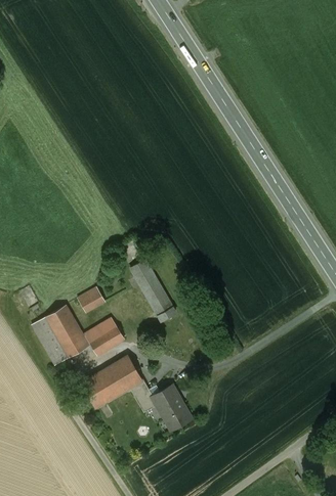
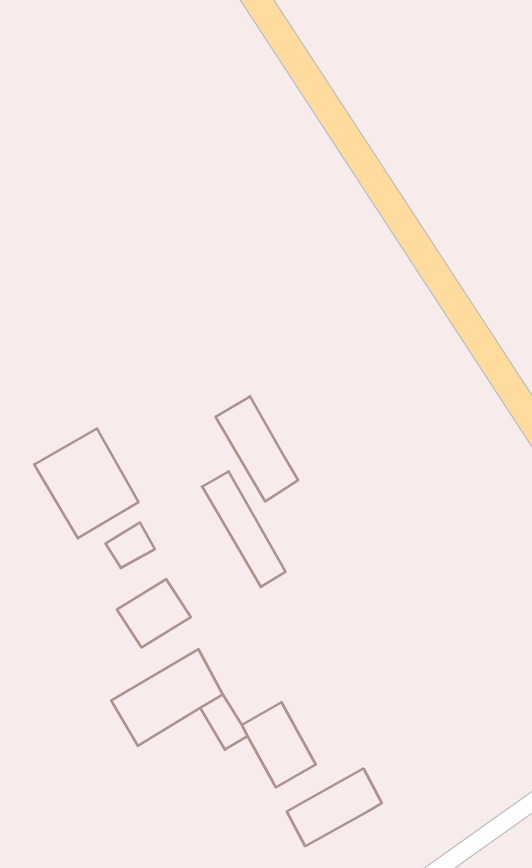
building: none -> [216,396,298,501]
building: [32,305,88,364] -> [34,429,138,538]
building: none -> [287,769,382,846]

